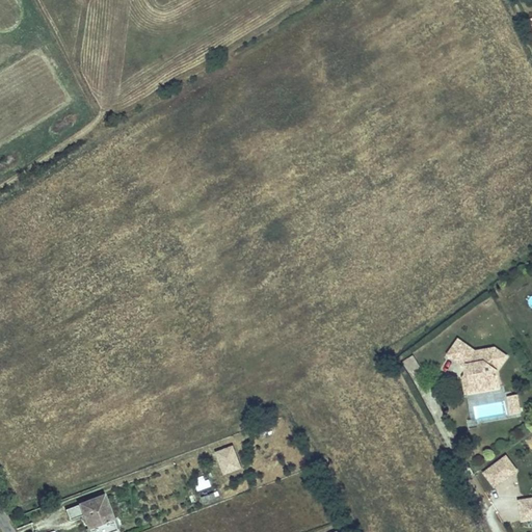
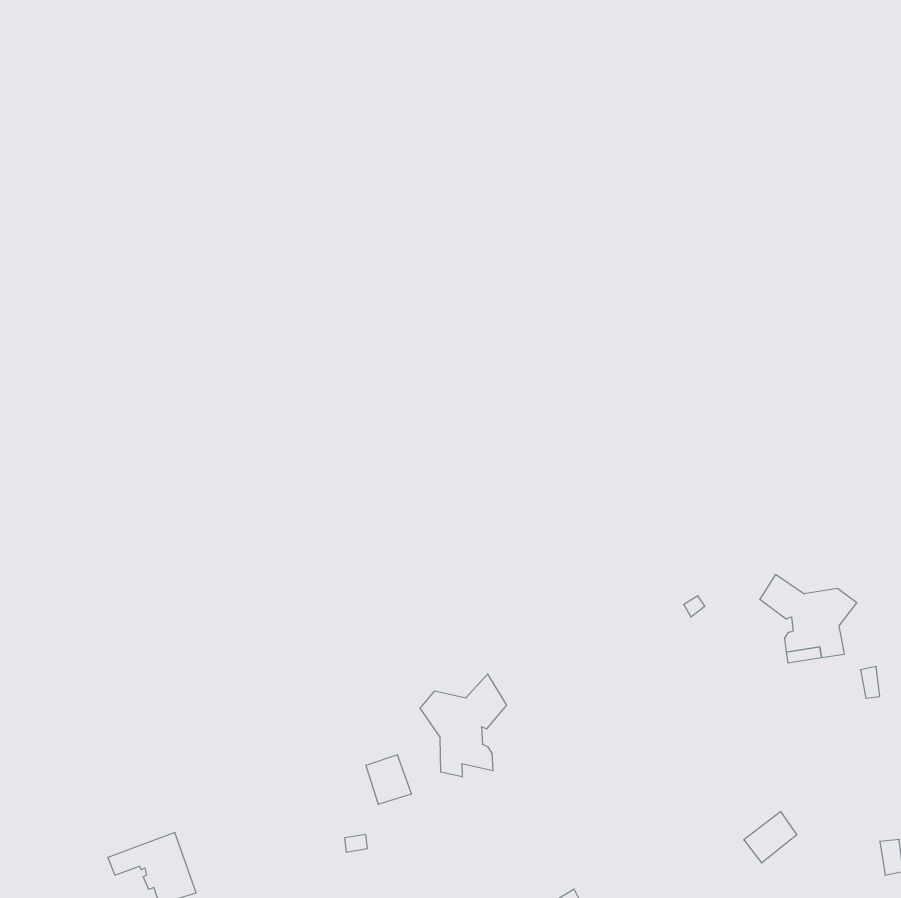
building: none -> [420,674,506,777]
building: [484,455,515,485] -> [744,812,797,863]

